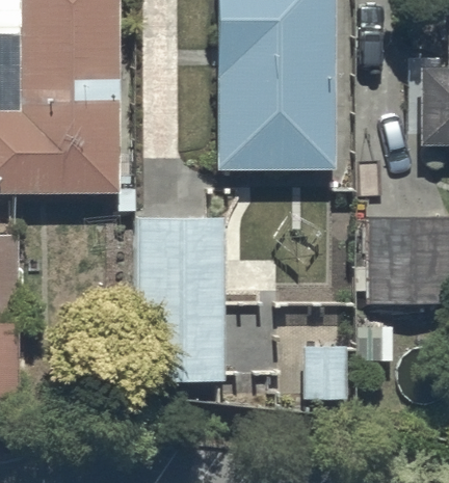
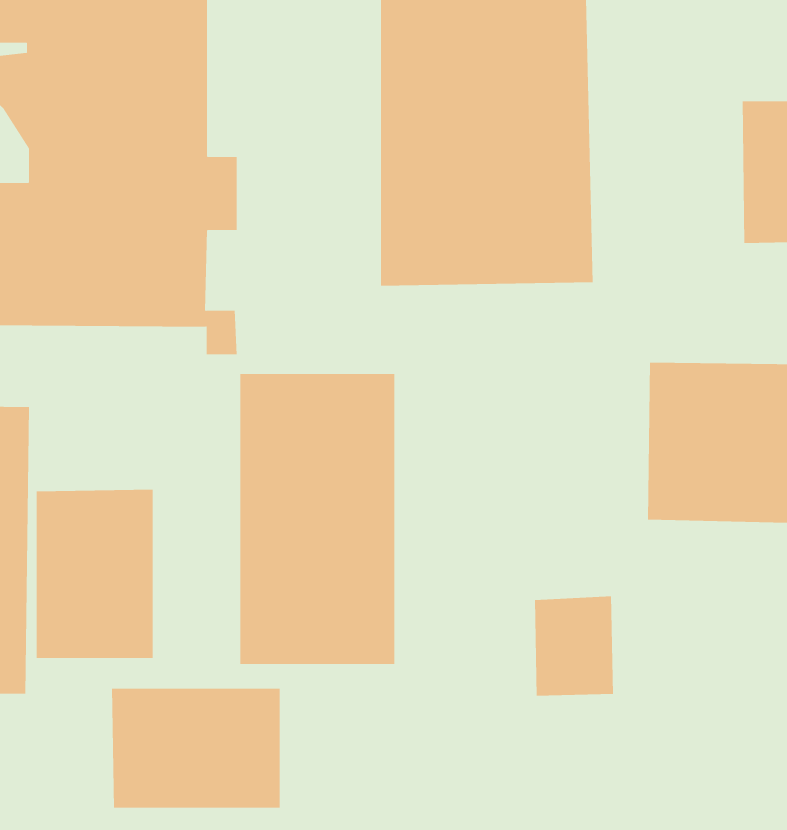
building: none -> [36,489,153,659]
building: none -> [111,688,280,808]

